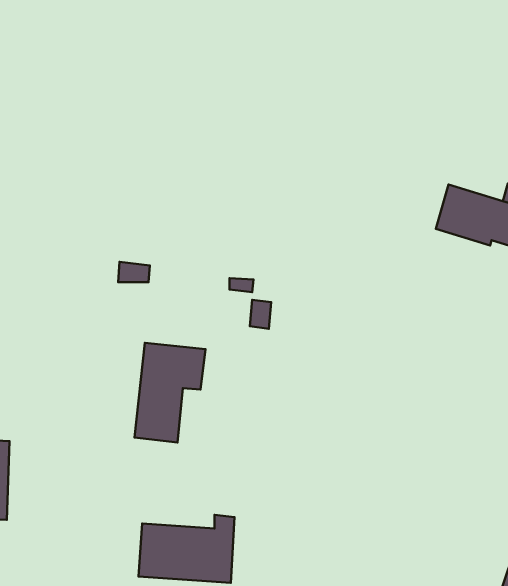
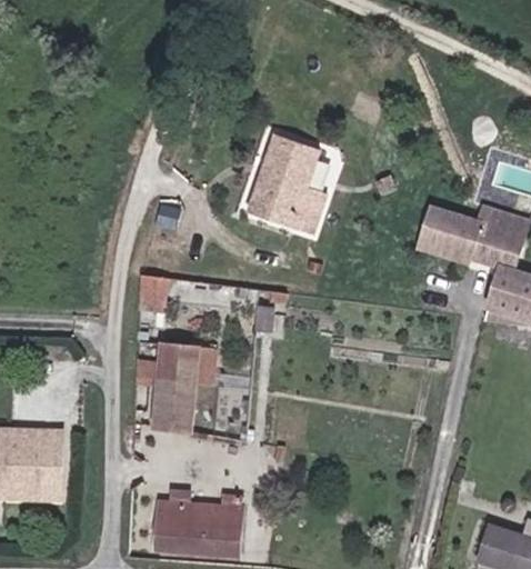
building: none -> [248,134,325,236]
building: none -> [41,431,66,500]

